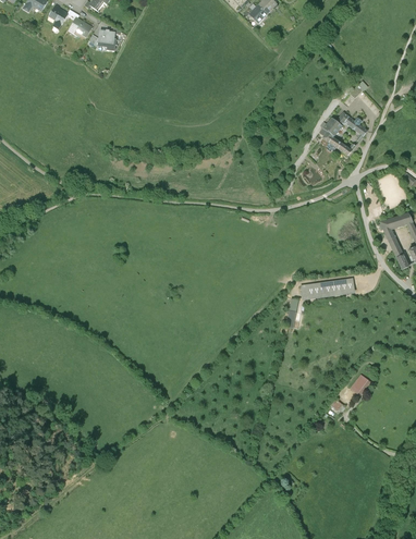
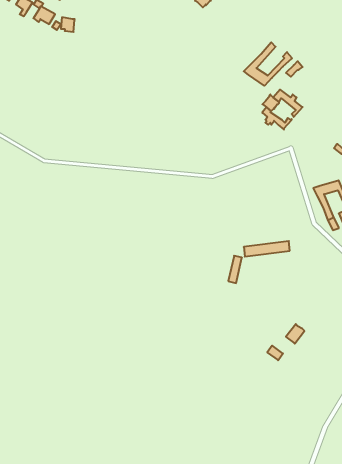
building: none -> [244,42,292,86]

